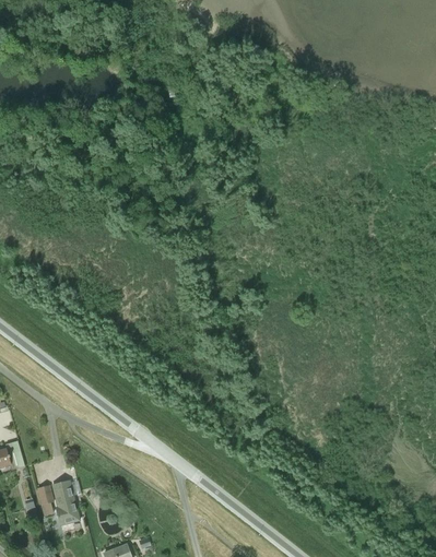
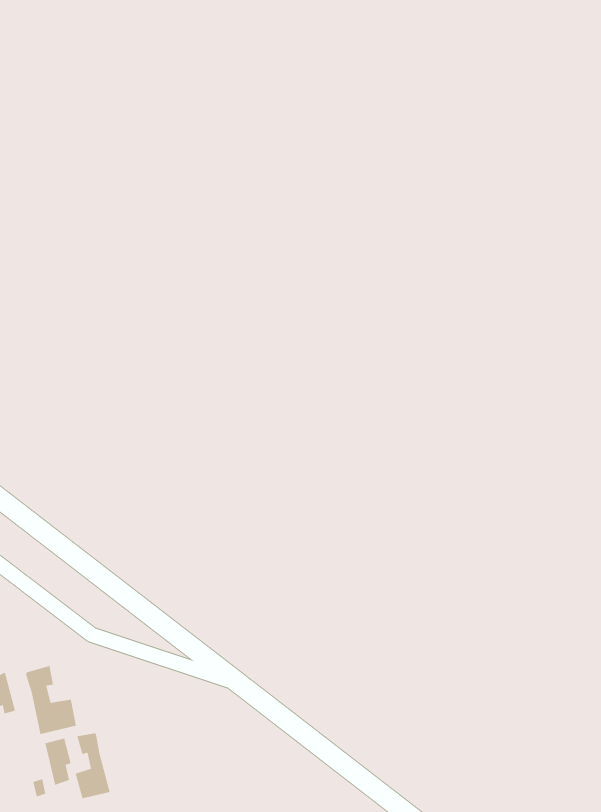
building: none -> [26,665,77,735]

